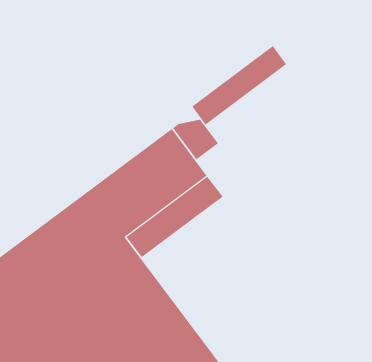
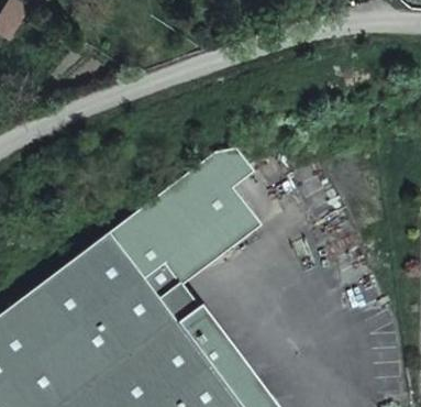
building: [192,45,287,125] -> none

